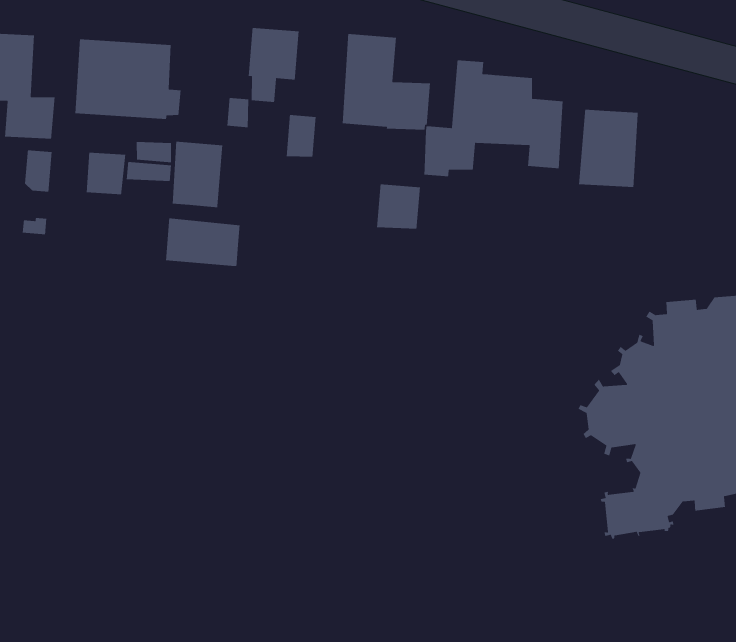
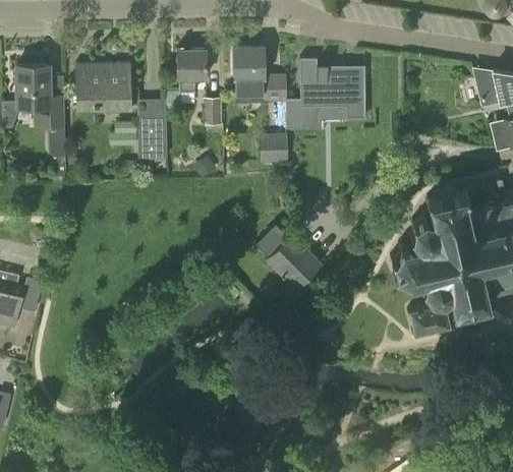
building: [578,109,639,188] -> none
building: [86,152,126,195] -> none
building: [165,217,241,267] -> none
building: none -> [256,224,323,290]

